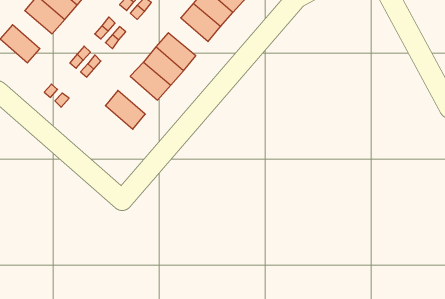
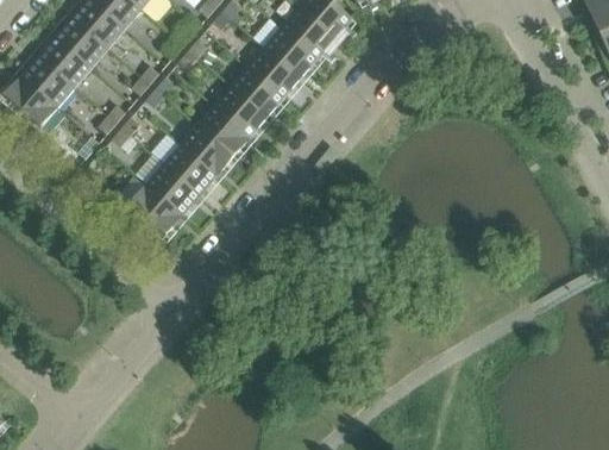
building: none -> [21,57,75,108]
building: none -> [231,67,284,118]
building: none -> [163,145,216,196]
building: none -> [130,185,183,236]

